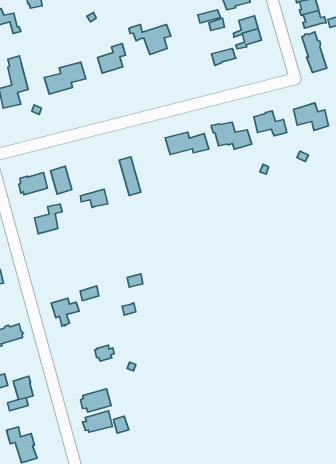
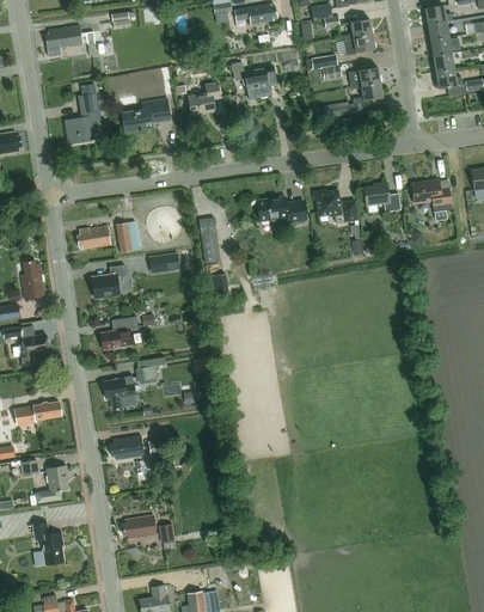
building: [302,32,327,72] -> none
building: none -> [98,317,135,348]
building: [80,389,111,412] -> [109,435,145,460]

